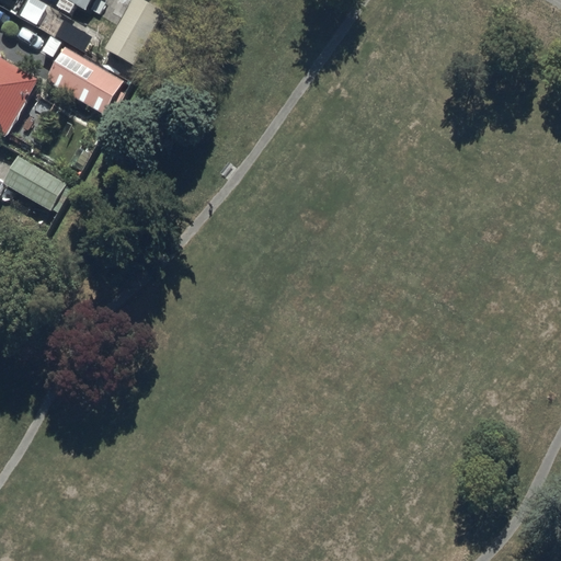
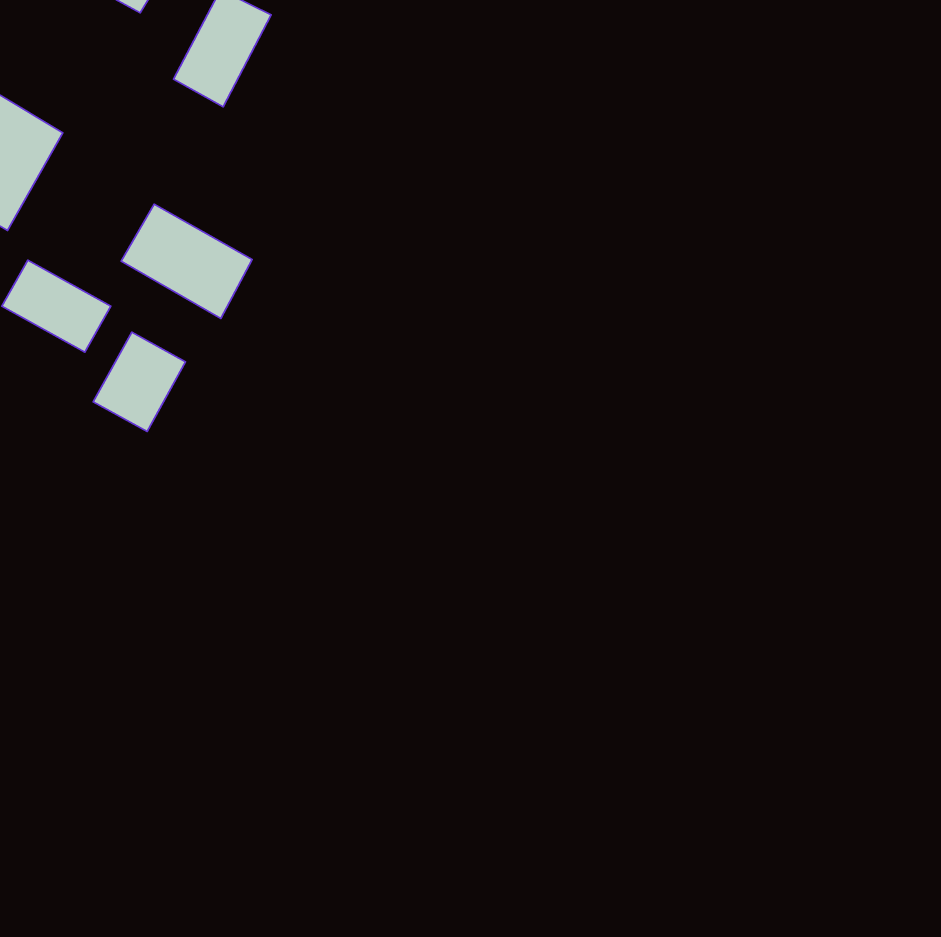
building: [44,46,122,114] -> [121,204,252,318]
building: none -> [93,332,186,431]

